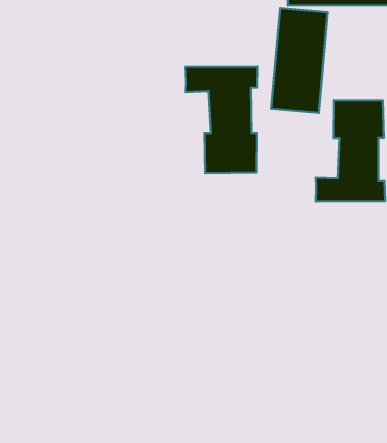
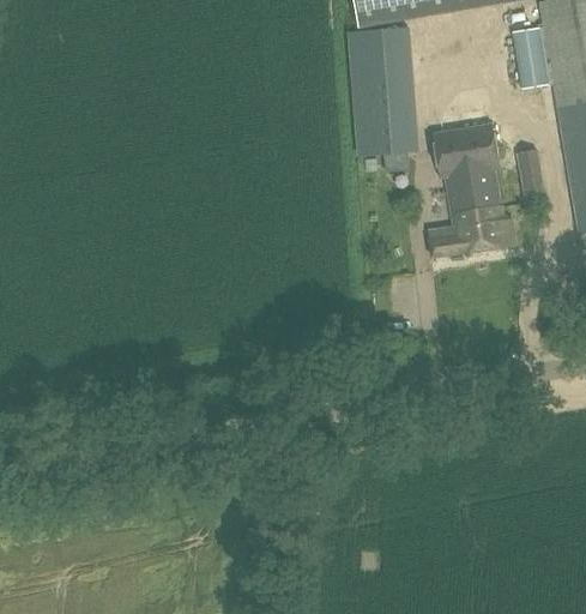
building: [185,66,258,173] -> none

